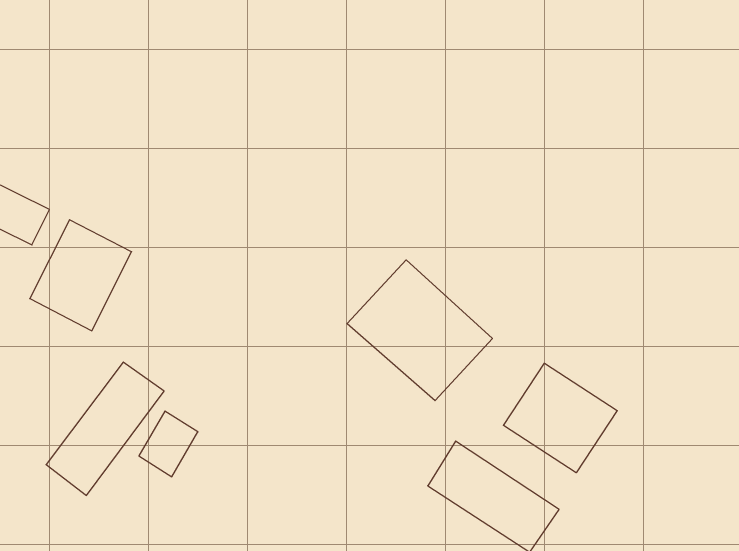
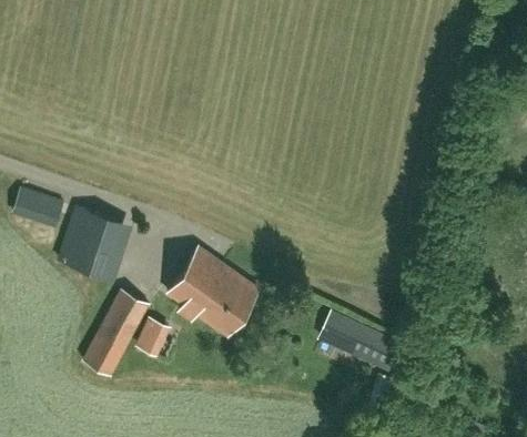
building: [347,260,492,401] -> [166,250,257,334]
building: [503,363,617,473] -> none

